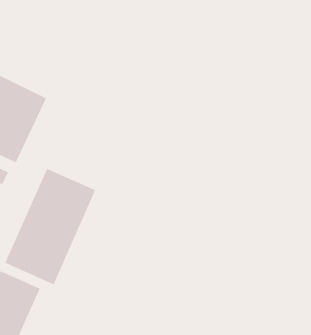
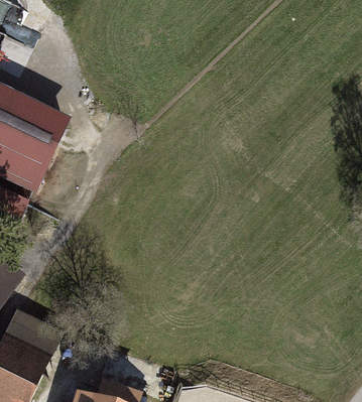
building: [4,168,96,285] -> none

